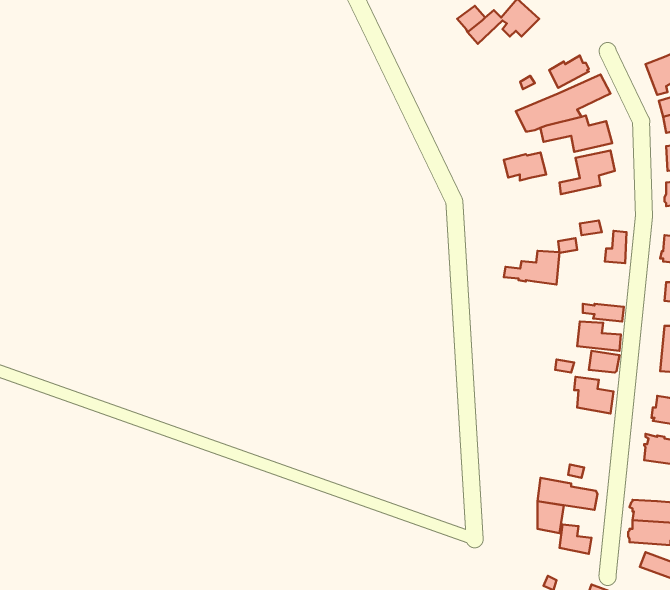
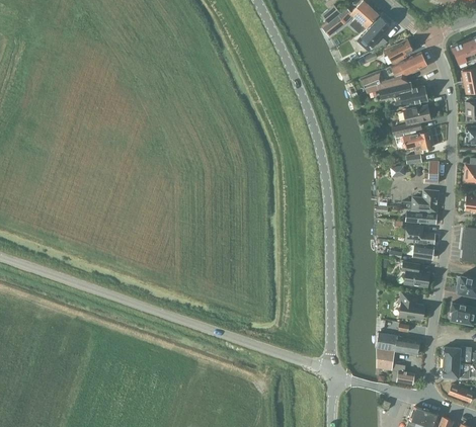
building: none -> [356,16,392,52]
building: [504,153,546,180] -> [404,132,433,151]
building: [504,251,559,284] -> [401,189,440,212]
building: none -> [400,293,425,320]

